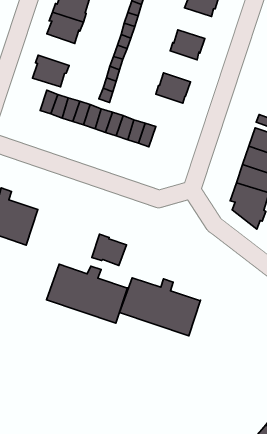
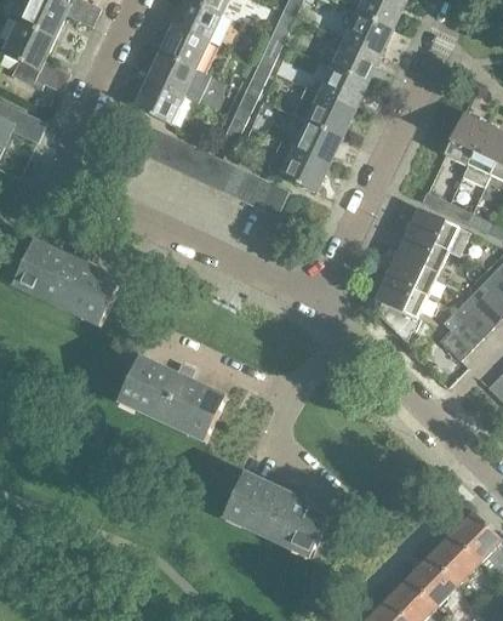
building: none -> [332,39,378,82]
building: none -> [145,52,208,102]
building: none -> [293,87,353,137]
building: none -> [268,142,327,192]
building: [92,234,126,265] -> none
building: [119,278,200,336] -> [224,473,332,558]

